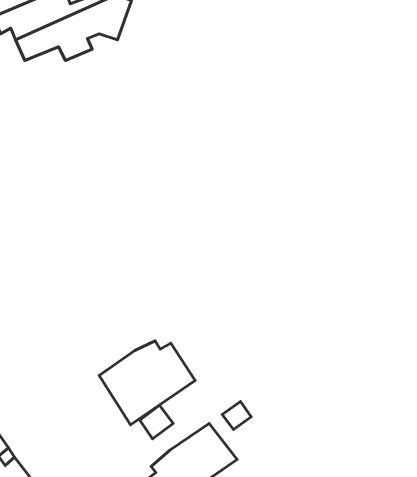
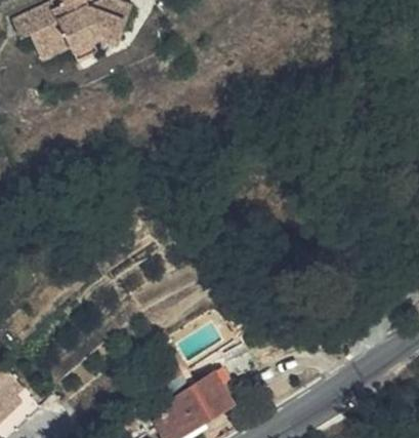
building: [99,341,195,425] -> none

